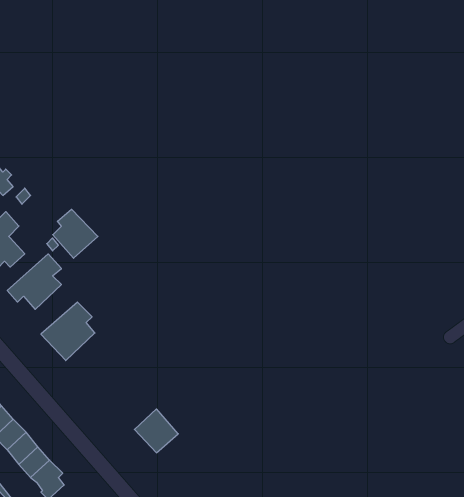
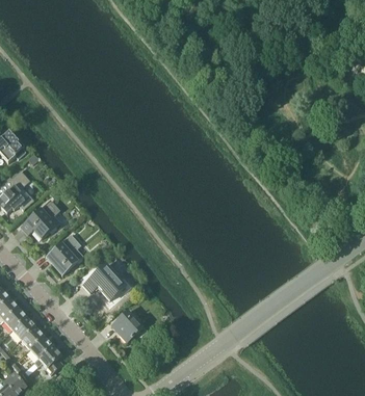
building: [53,209,98,258] -> none
building: none -> [84,262,127,299]

